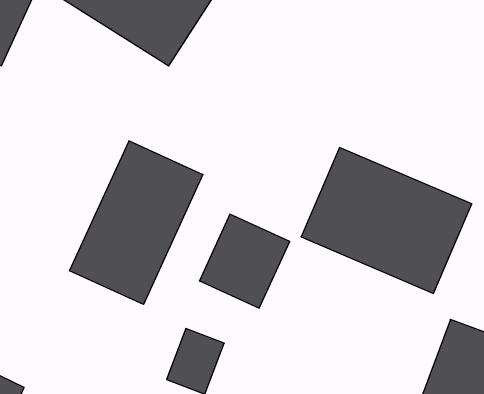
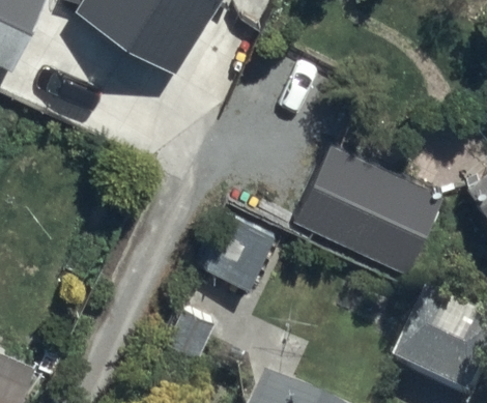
building: [70,141,203,304] -> none

